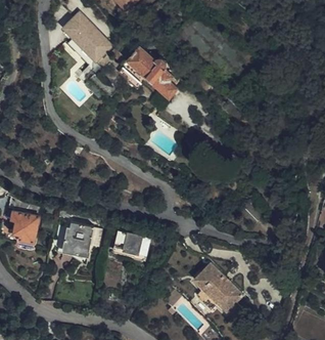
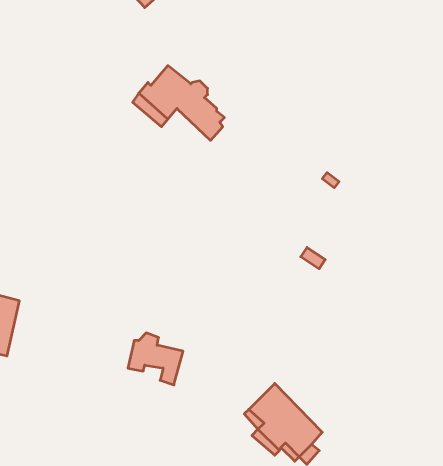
building: [60,13,114,67] -> none
building: [62,222,92,253] -> none

